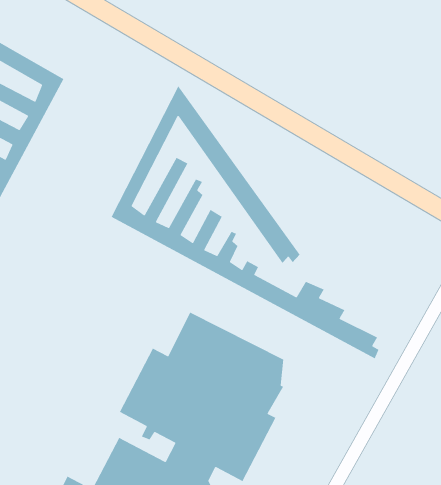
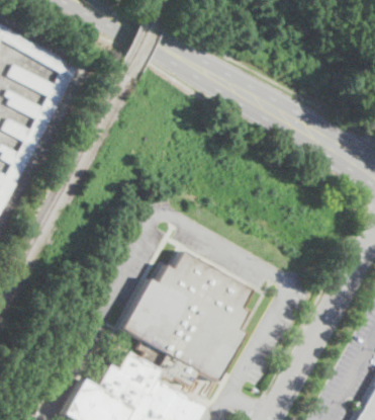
building: [110,85,380,359] -> none

